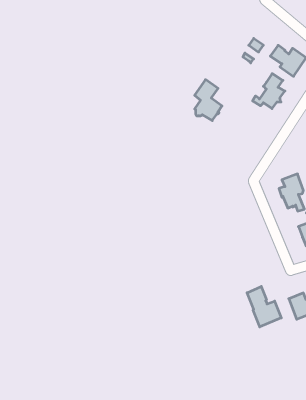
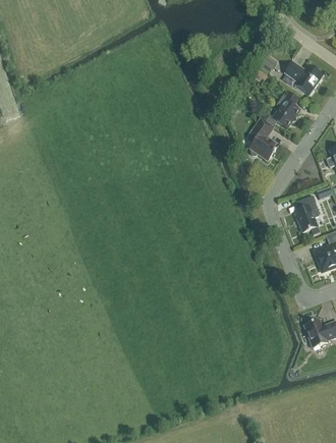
building: [195,80,222,121] -> [248,117,277,160]
building: [247,286,281,327] -> none

